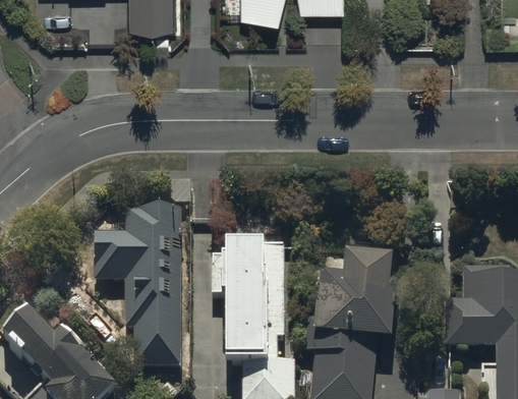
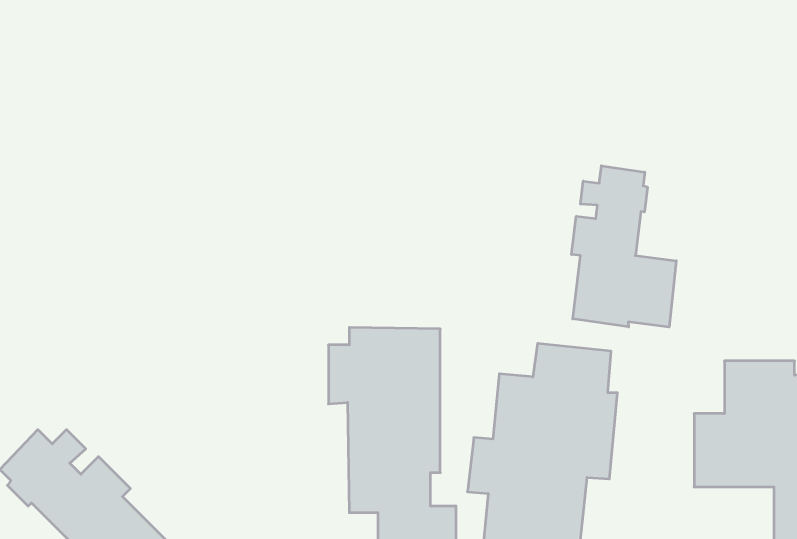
building: none -> [572,166,676,327]
building: [94,208,180,364] -> none

